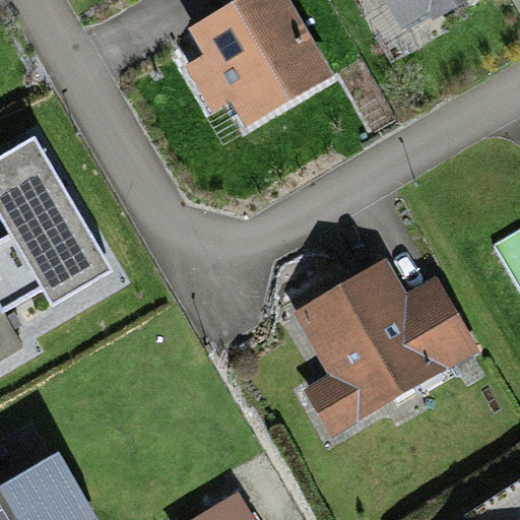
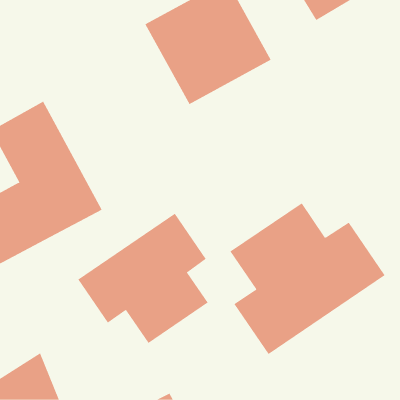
building: none -> [78,213,208,344]

